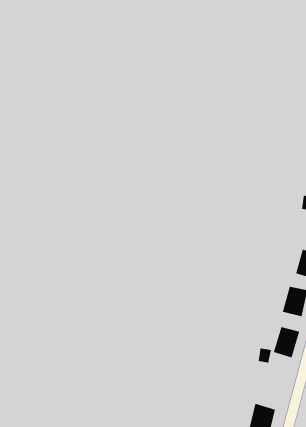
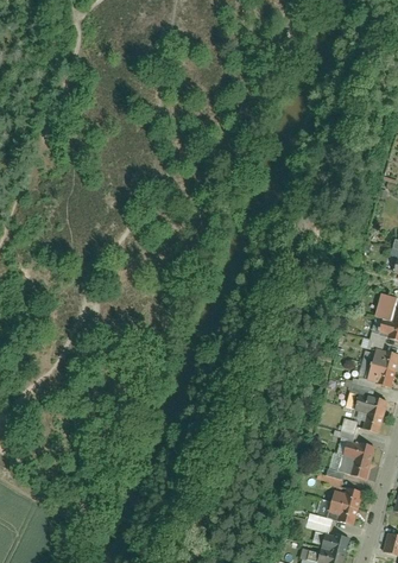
building: none -> [340,442,373,479]

